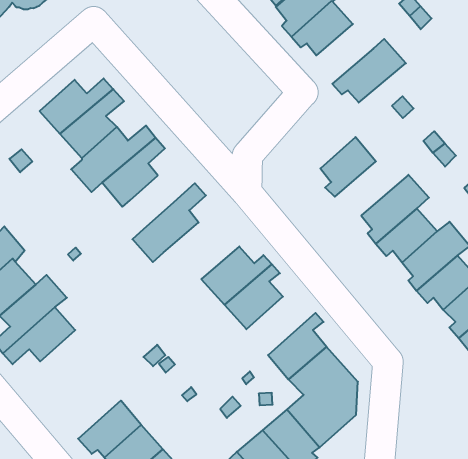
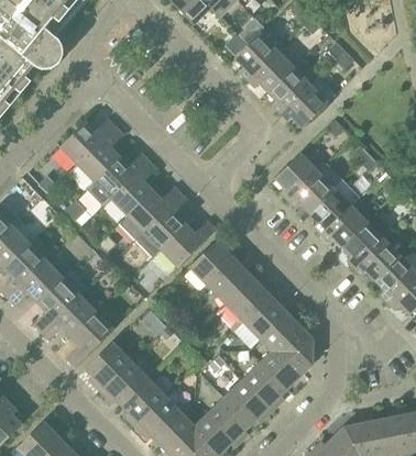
building: none -> [267,59,318,113]
building: none -> [287,163,342,212]
building: none -> [127,187,180,232]
building: none -> [160,221,216,267]
building: none -> [226,277,277,322]
building: none -> [67,311,113,366]
building: none -> [86,342,133,393]

